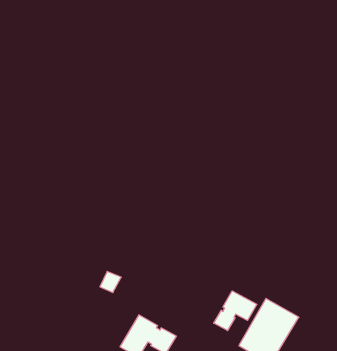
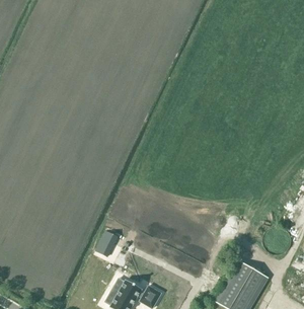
building: [214,291,257,331] -> none

